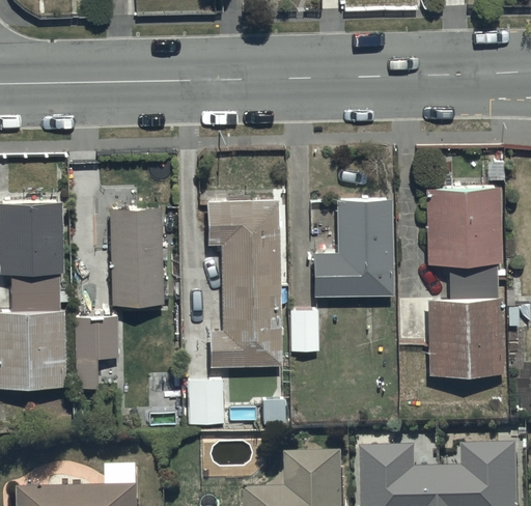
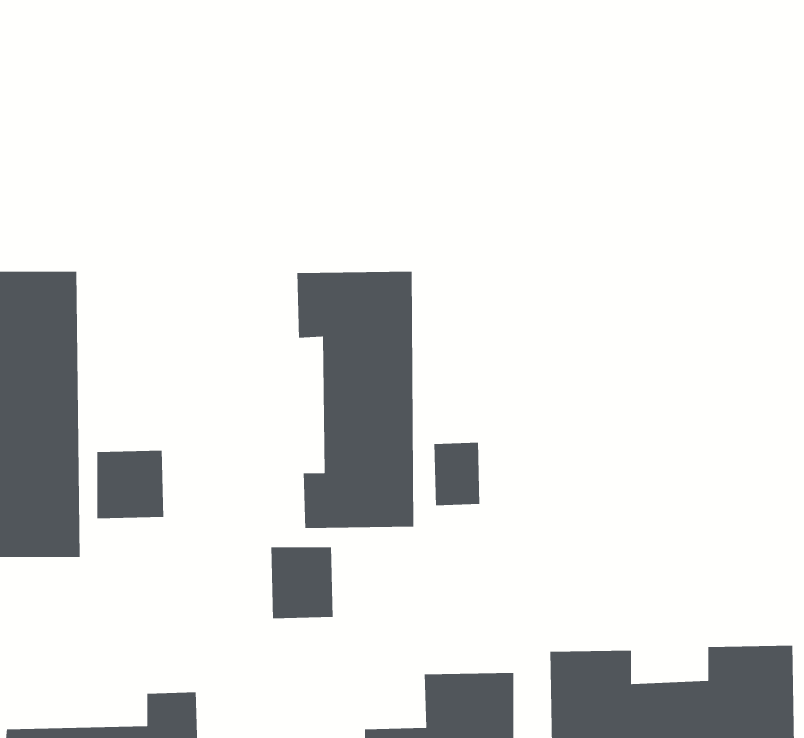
building: [424,188,503,373] -> none
building: [310,199,390,296] -> none
building: [106,207,164,306] -> none

